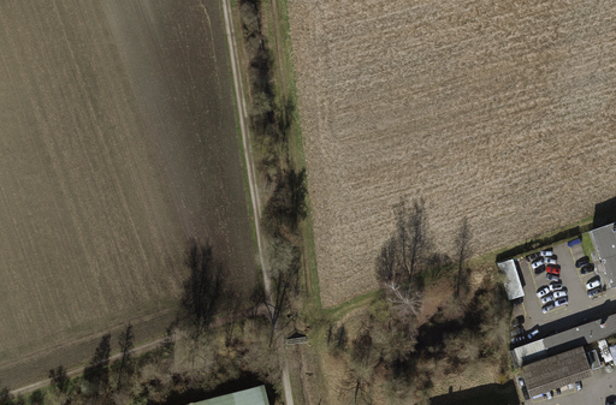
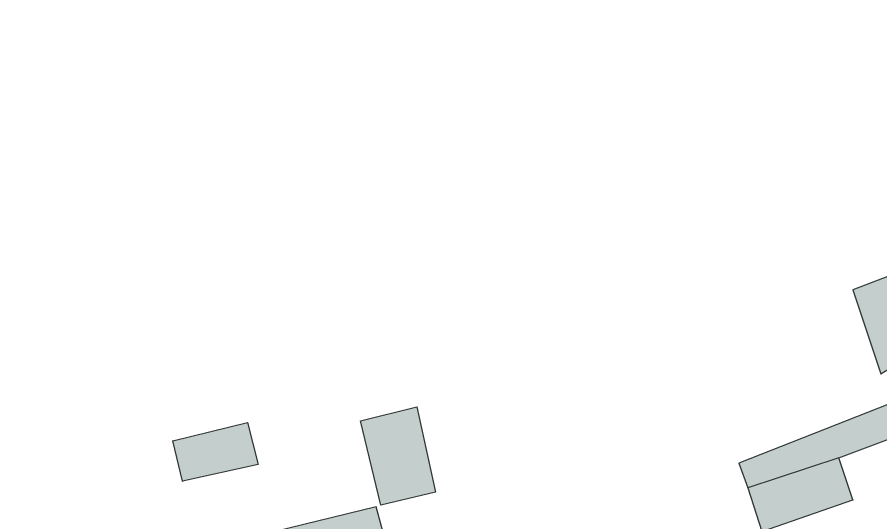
building: none -> [361,407,435,505]
building: none -> [173,423,258,481]

